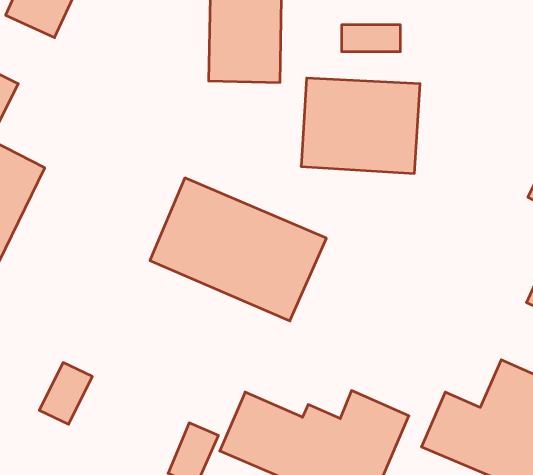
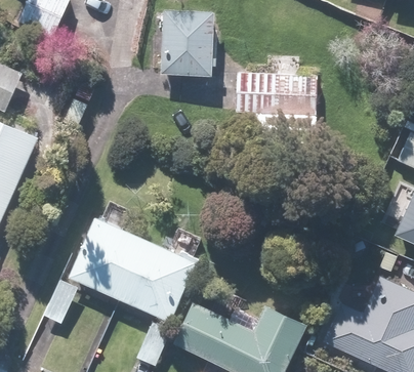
building: [150,178,326,321] -> [70,218,199,323]

